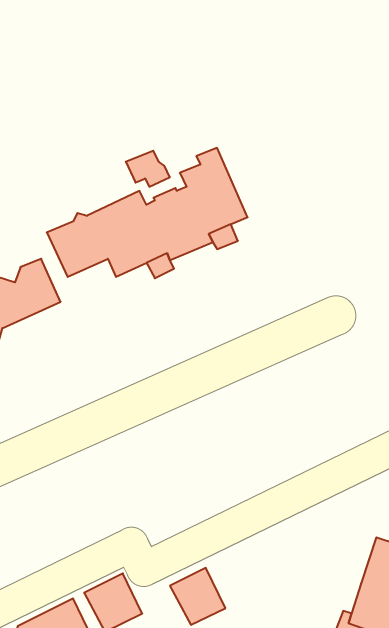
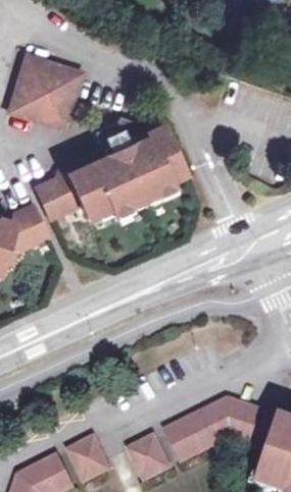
building: none -> [11,57,83,128]
building: none -> [165,394,280,455]

